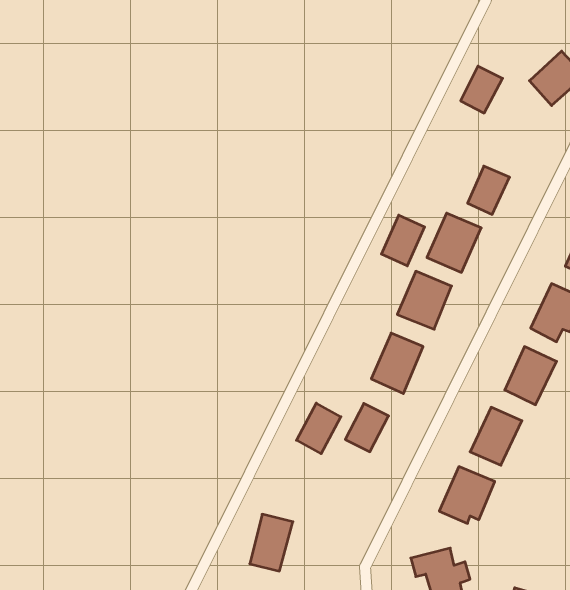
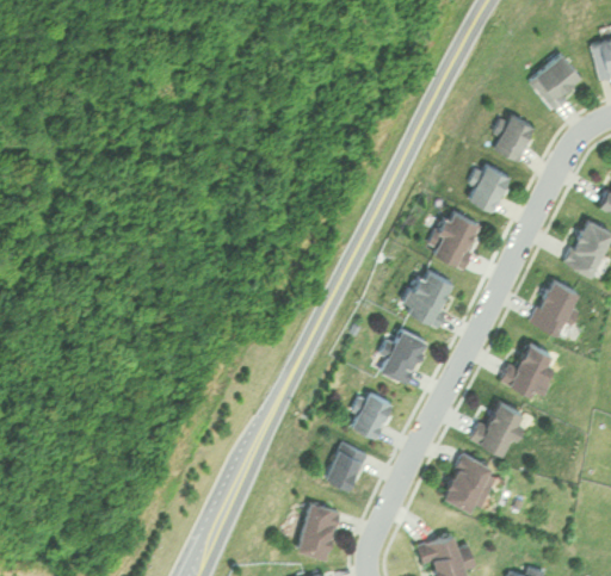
building: [461,66,503,113] -> [494,116,535,161]
building: [381,215,425,266] -> none
building: [296,403,341,454] -> [326,445,369,494]
building: [250,514,293,571] -> [298,506,340,560]

